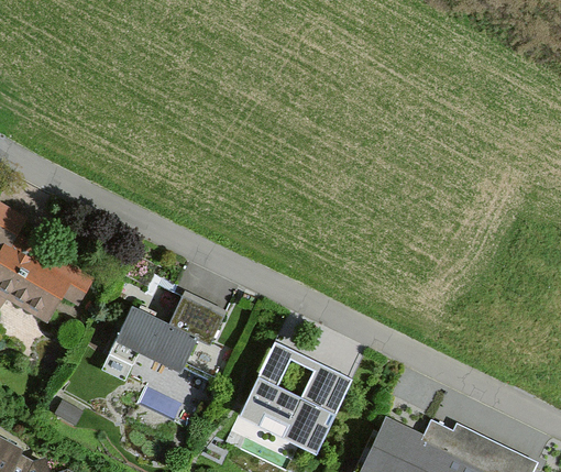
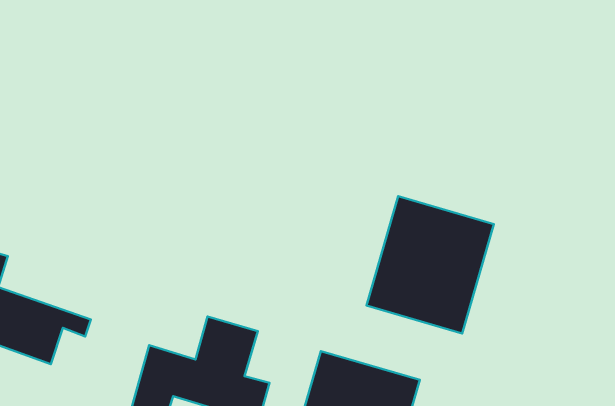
building: none -> [366,196,494,334]

